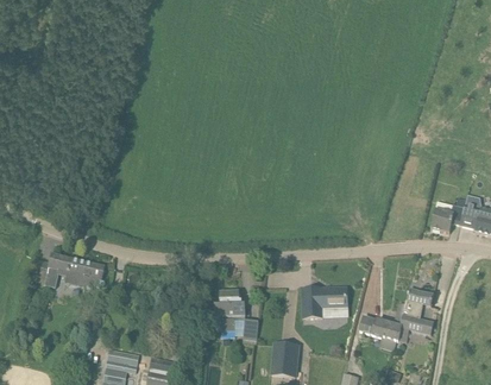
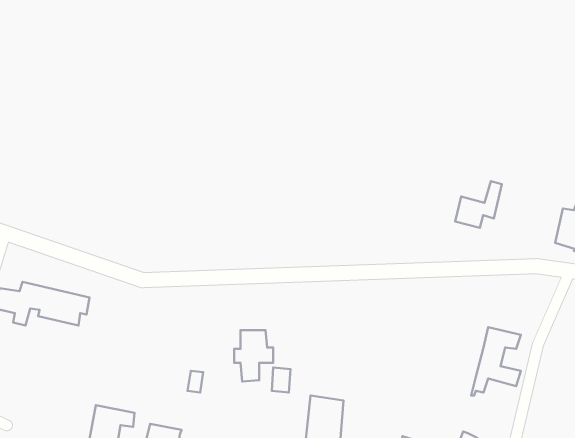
building: [430,196,466,232] -> [455,181,502,228]
building: [302,288,347,317] -> none
building: [359,303,405,349] -> none

